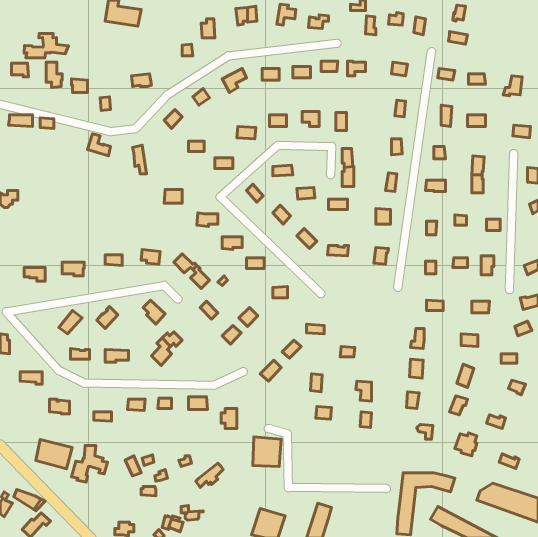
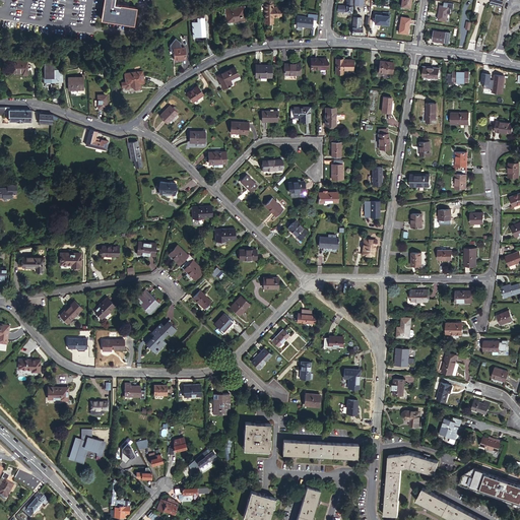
building: [24,34,68,58] -> none
building: [36,440,72,469] -> none
building: none -> [282,441,359,459]

